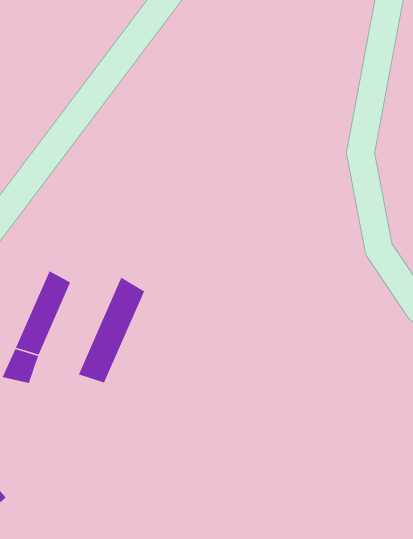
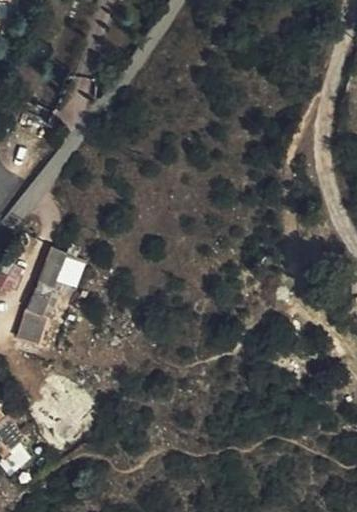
building: [78,276,145,383] -> none

